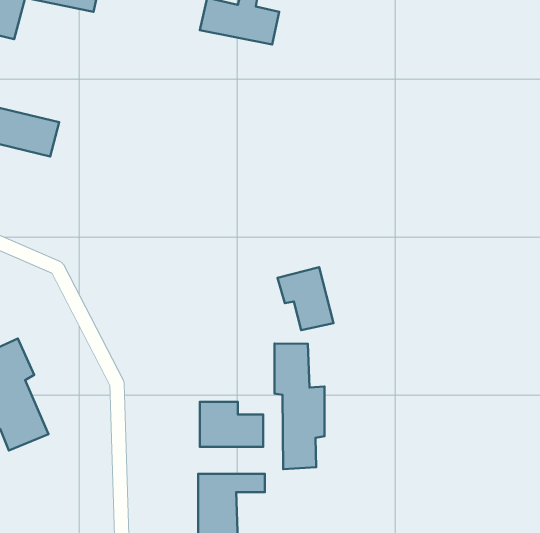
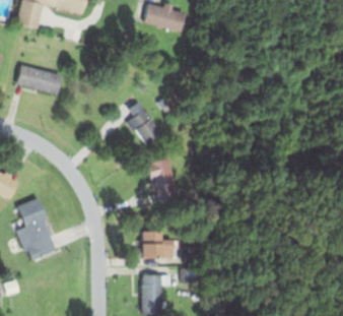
building: none -> [128,107,164,146]
building: [278,267,334,330] -> [146,157,178,193]
building: [274,344,324,469] -> none

